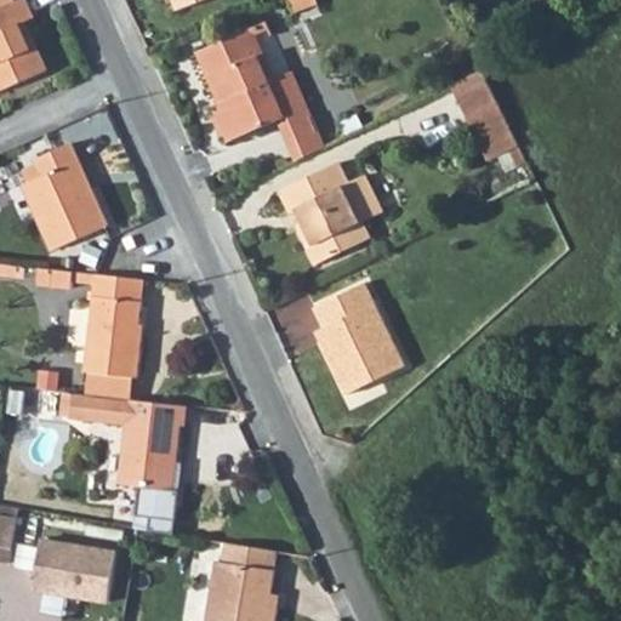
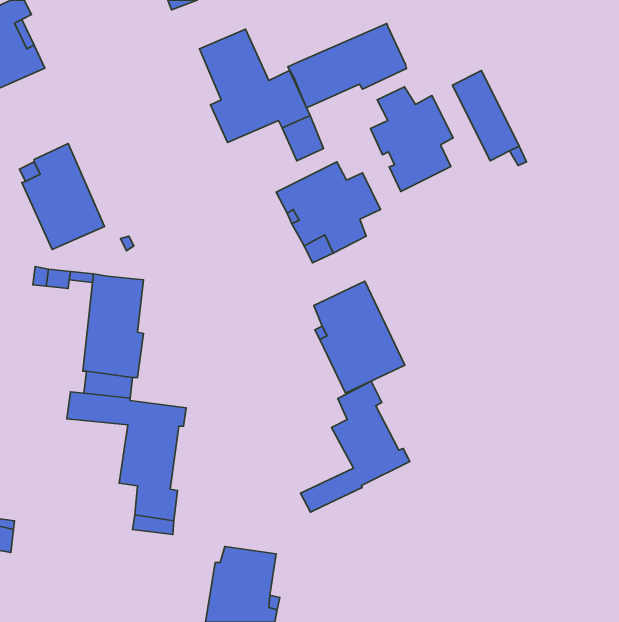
building: none -> [288,23,407,108]
building: none -> [370,87,453,191]
building: none -> [301,381,410,512]
building: [32,545,114,603] -> none

